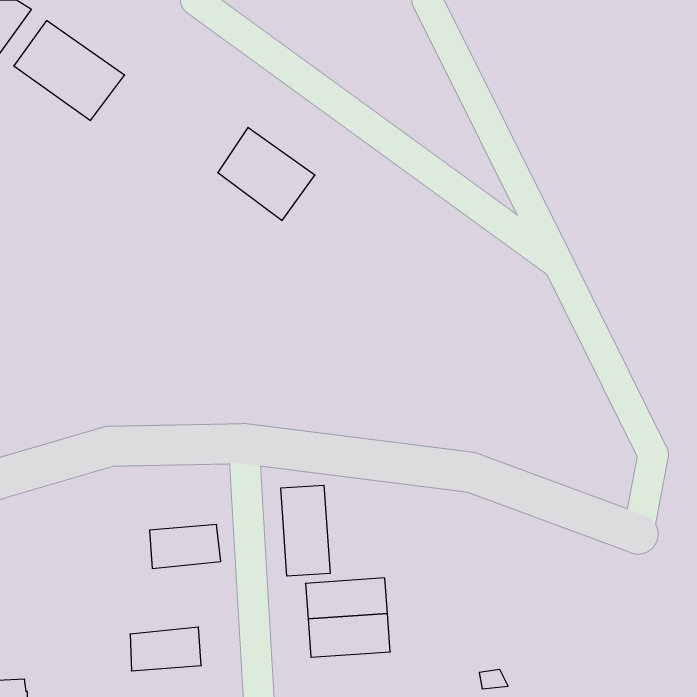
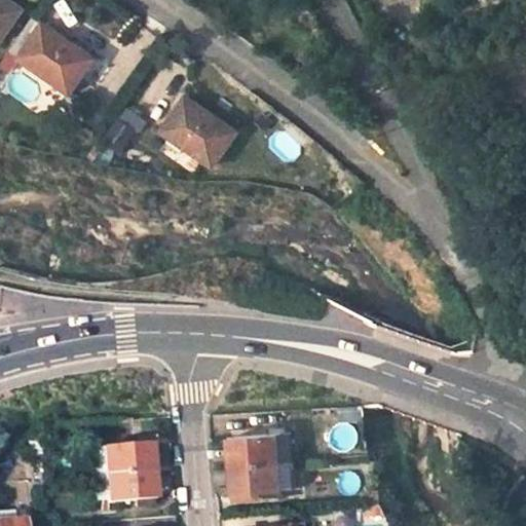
building: [281,485,330,576] -> none
building: [150,525,221,568] -> [96,445,149,478]

